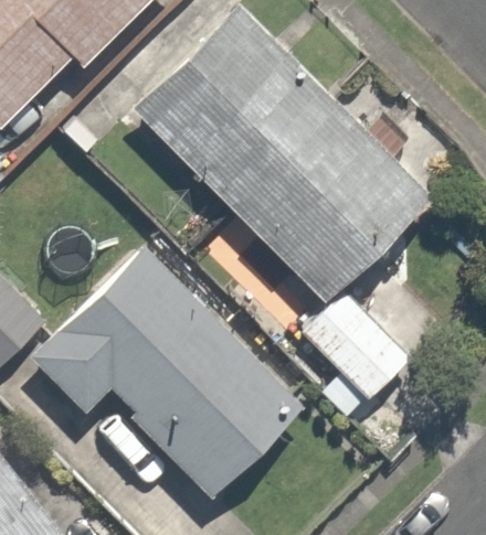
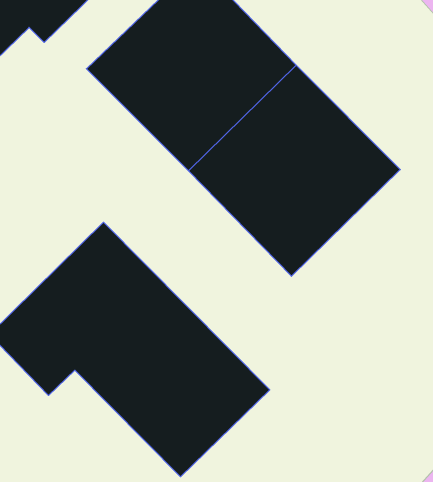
building: [296,286,415,405] -> none

